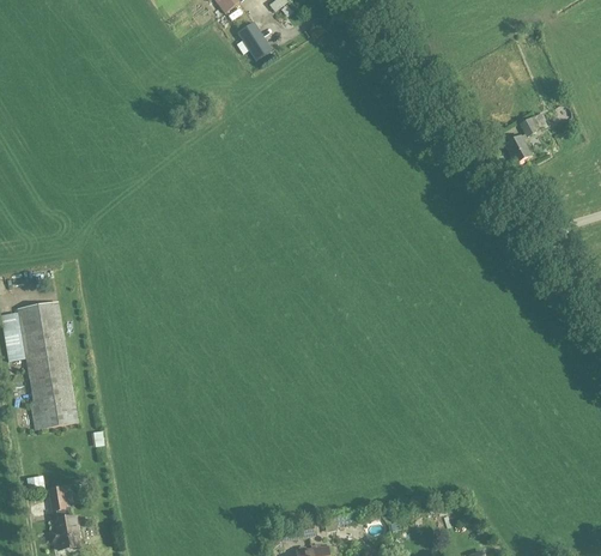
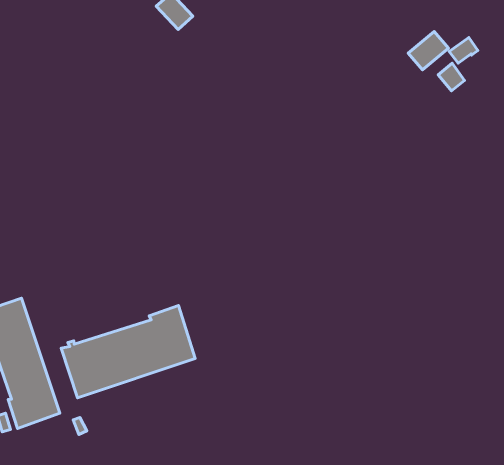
building: none -> [408,31,449,70]
building: none -> [61,306,195,398]

